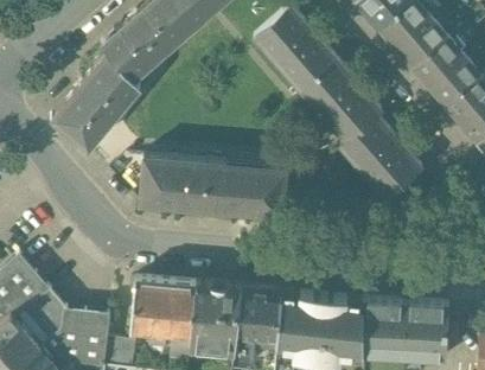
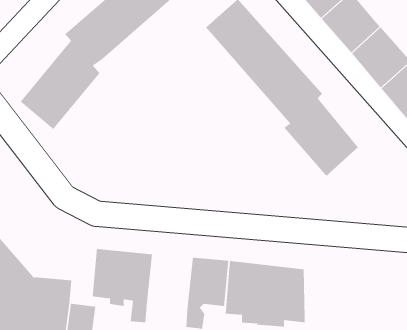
building: [140,158,286,217] -> none
building: [191,285,240,346] -> none
building: [362,302,448,361] -> none

